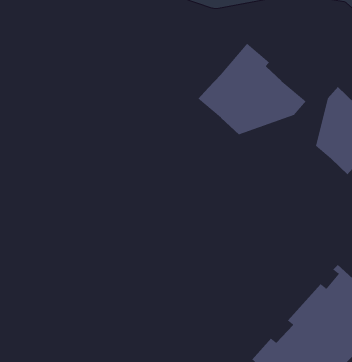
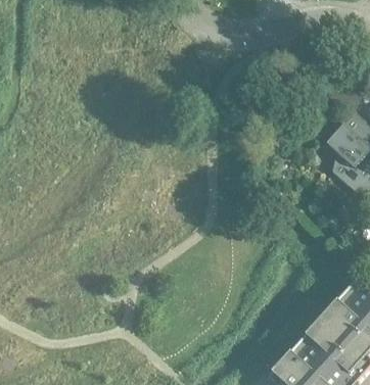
building: [198,43,306,135] -> none

